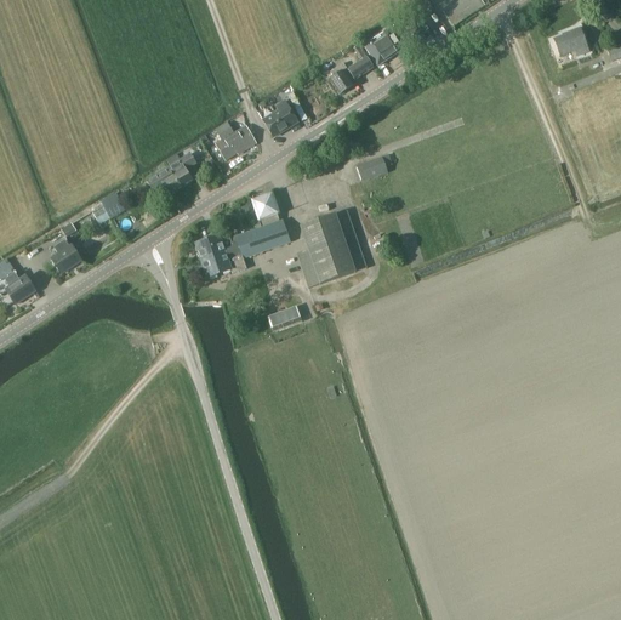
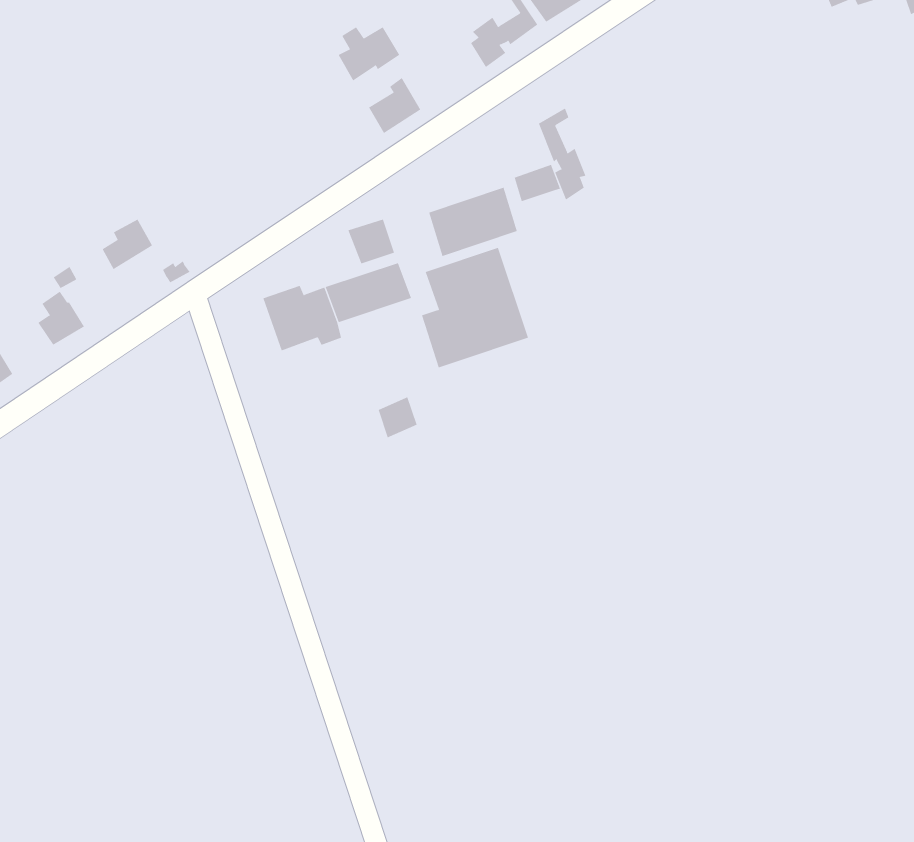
building: none -> [538,107,586,201]
building: [216,124,256,159] -> [338,26,400,81]
building: [146,152,196,193] -> none
building: none -> [429,187,518,257]

